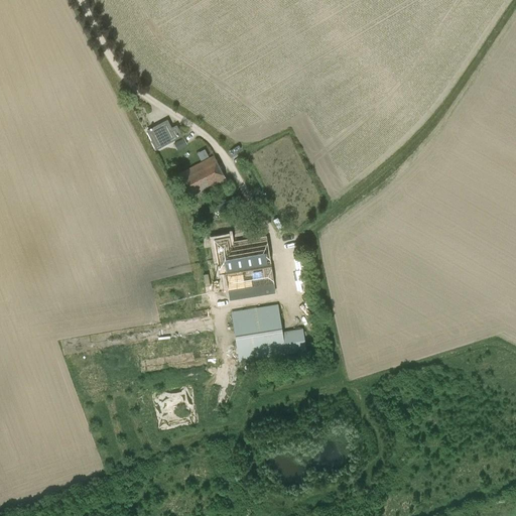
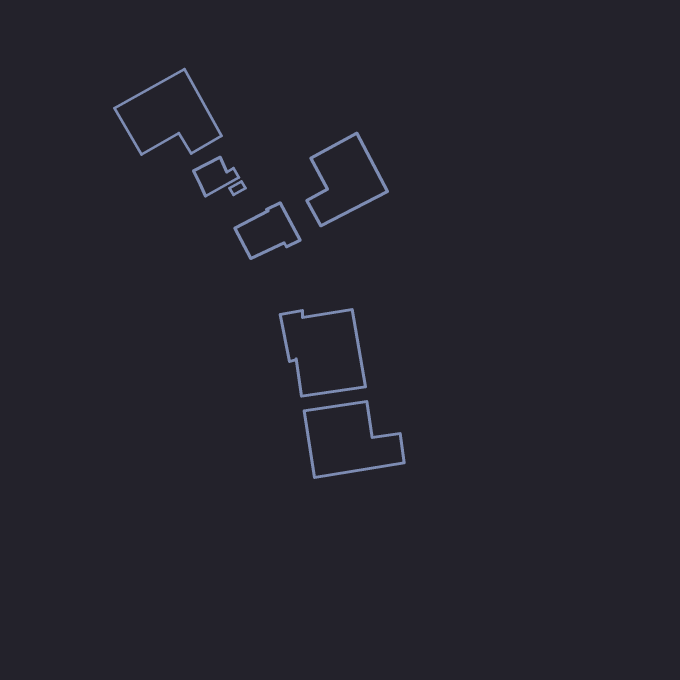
building: none -> [115,69,221,154]
building: none -> [307,133,387,226]

